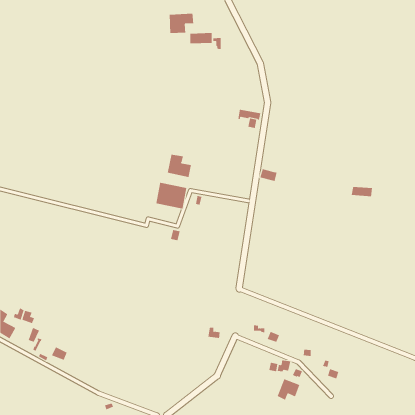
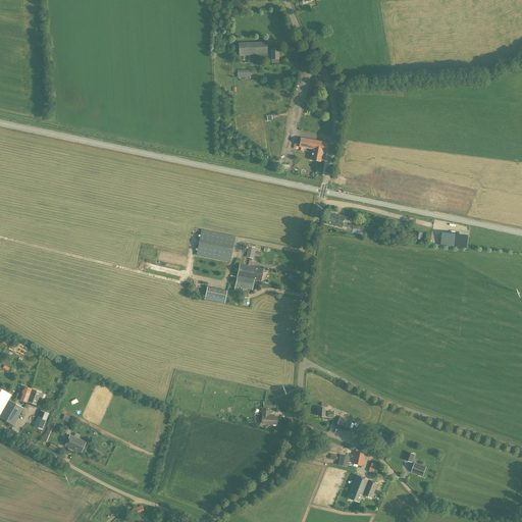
building: [169,13,194,34] -> none
building: [167,154,192,178] -> none
building: none -> [234,264,262,289]

